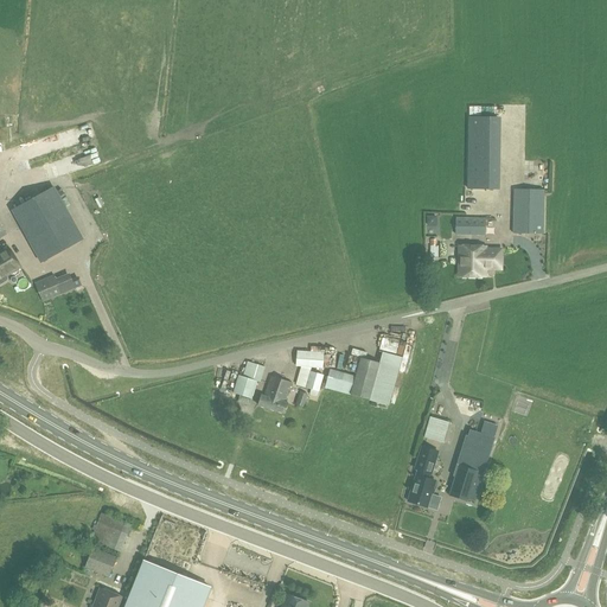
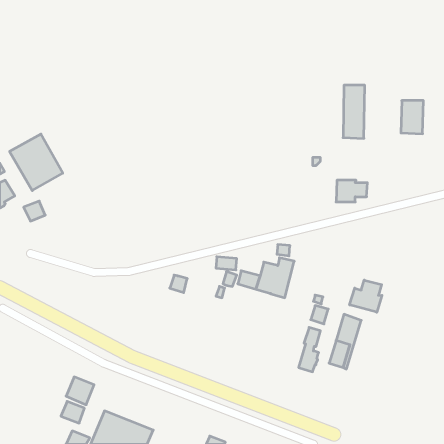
building: [512,189,543,234] -> [401,101,423,134]
building: [454,217,484,235] -> none
building: [256,375,290,413] -> none
building: none -> [350,280,382,312]

